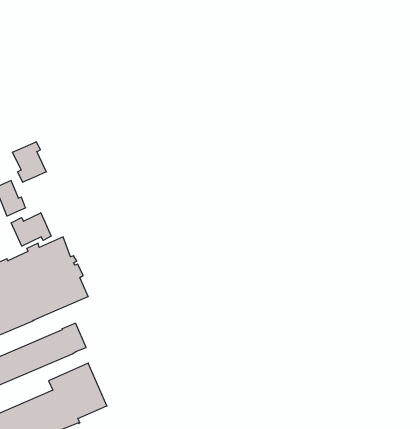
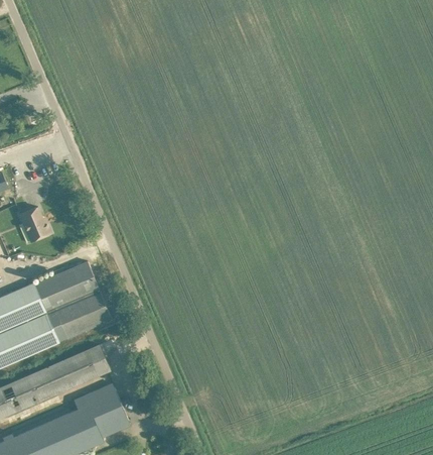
building: [13,142,46,182] -> none
building: [11,213,51,246] -> none

